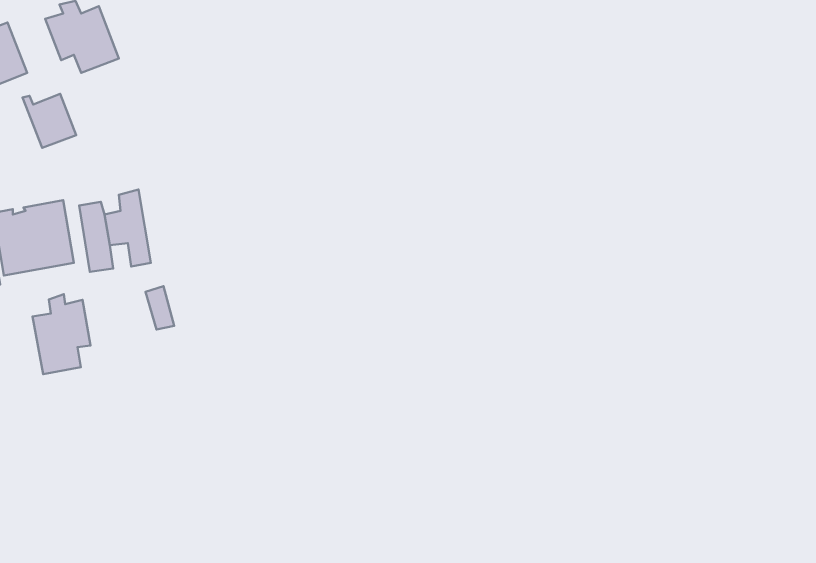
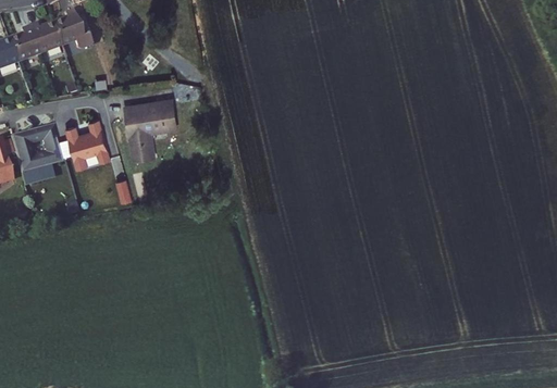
building: [22,94,76,148] -> [24,18,57,51]
building: none -> [124,99,172,158]
building: [33,294,90,374] -> none

